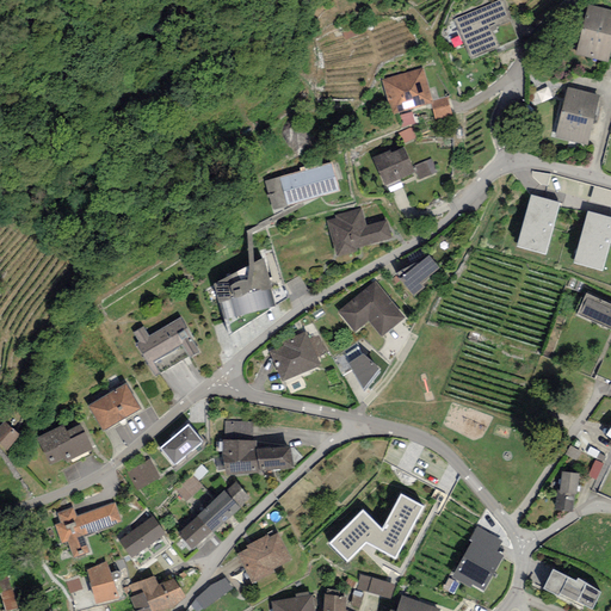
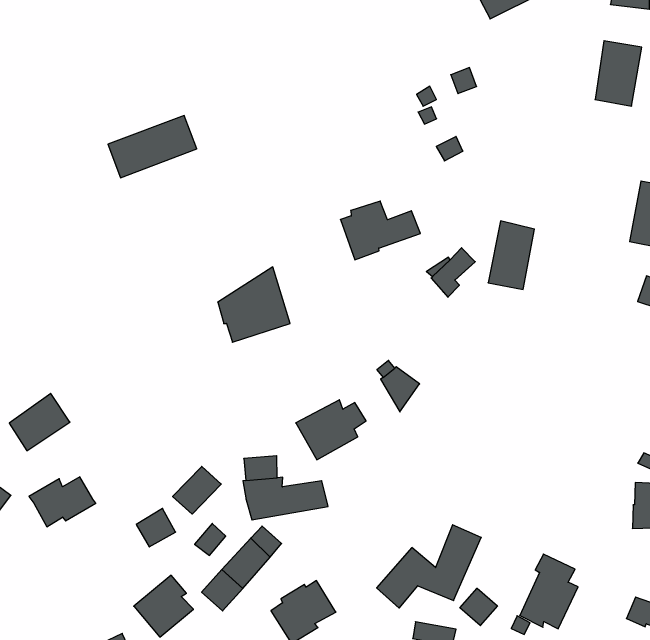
building: [382,67,433,115] -> none
building: [372,147,414,185] -> none
building: [264,161,340,210] -> [108,116,197,178]
building: [516,193,560,254] -> [488,221,534,289]
building: [337,280,405,335] -> none
building: [132,316,198,377] -> none
building: [267,331,328,381] -> [296,400,366,460]
building: [88,382,141,430] -> [9,393,70,451]
building: [55,501,122,557] -> none
building: none -> [460,588,497,626]

